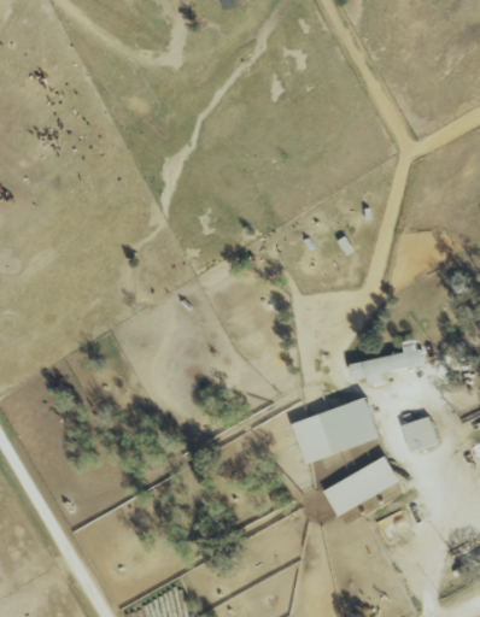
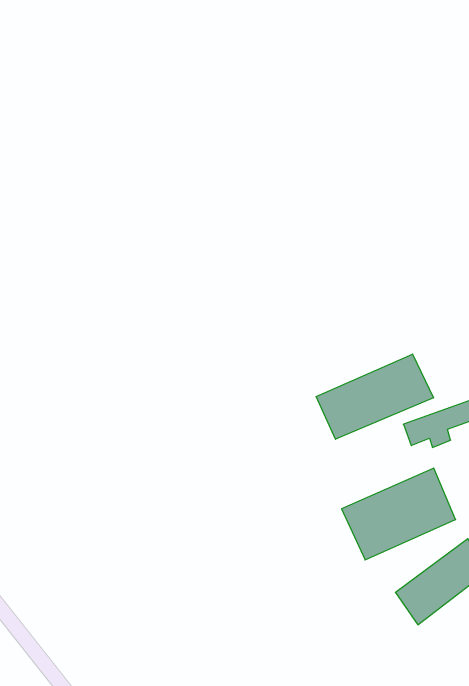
building: none -> [316,354,433,439]

